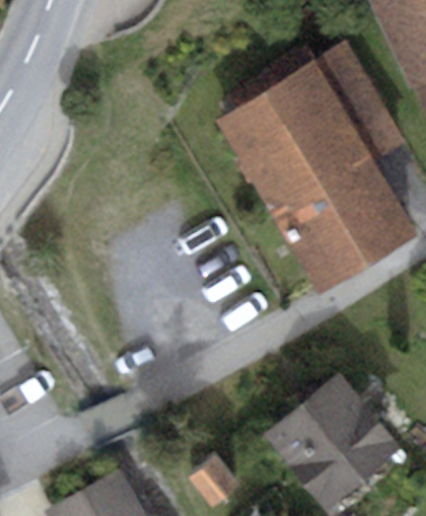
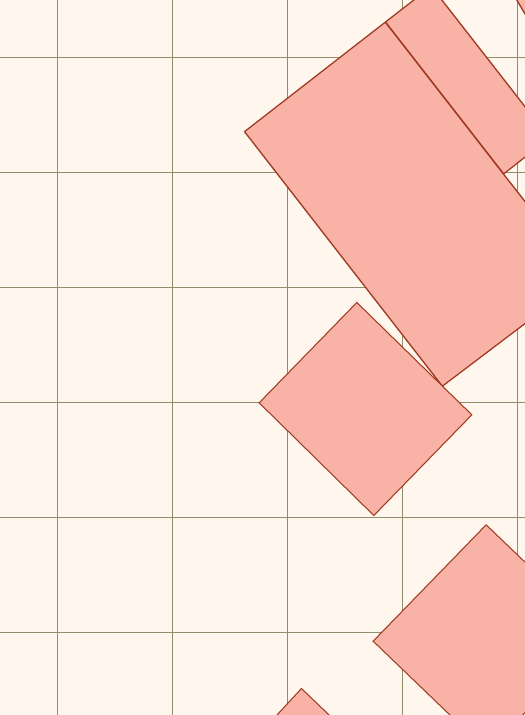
building: none -> [259,302,472,515]

